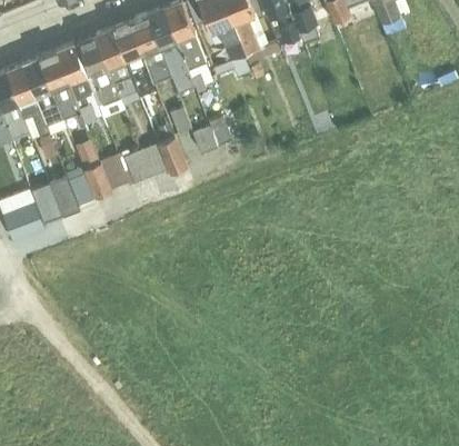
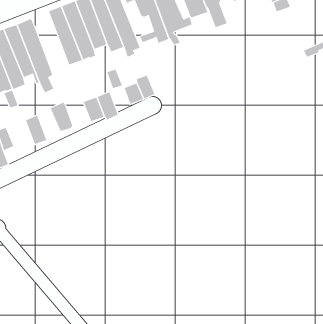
building: [77,34,123,118] -> none
building: [73,139,111,199] -> none
building: [117,150,149,185] -> none
building: [50,177,79,216] -> none

